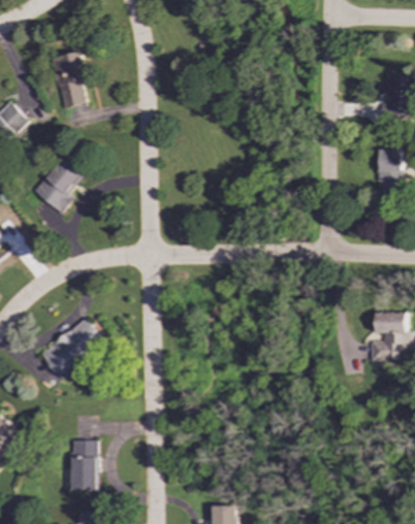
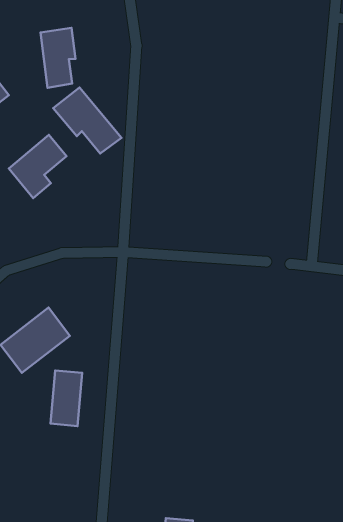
building: none -> [53,88,121,153]
building: [71,439,97,490] -> [50,370,82,426]

